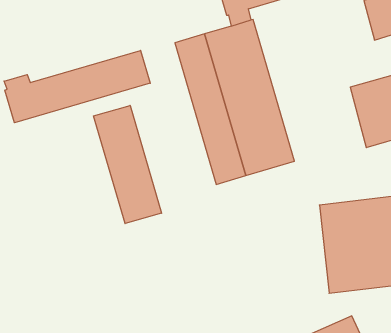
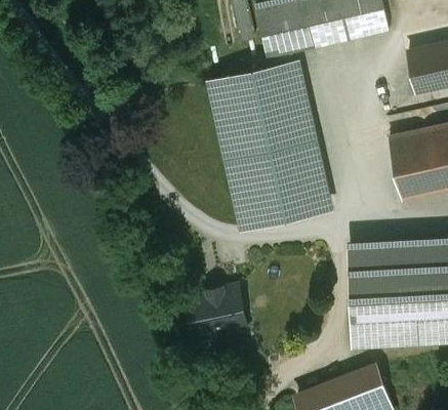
building: [4,50,150,123] -> none
building: [94,105,162,224] -> none
building: none -> [188,285,246,334]

